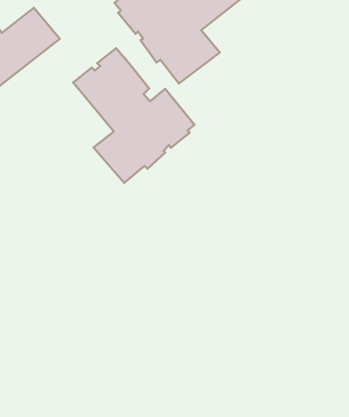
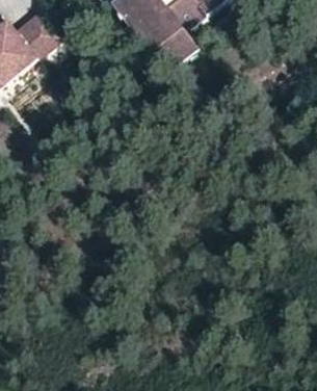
building: [73,48,194,183] -> none

